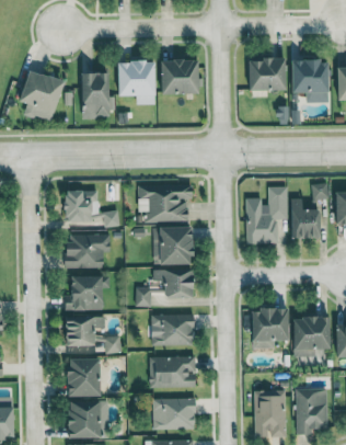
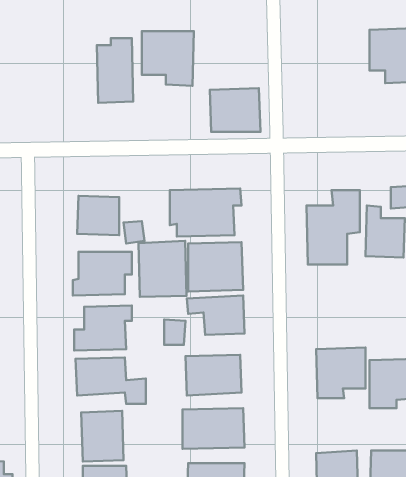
building: [250,59,287,91] -> none
building: [161,60,200,94] -> [210,88,260,132]
building: [20,69,66,123] -> none
building: none -> [139,241,186,297]

